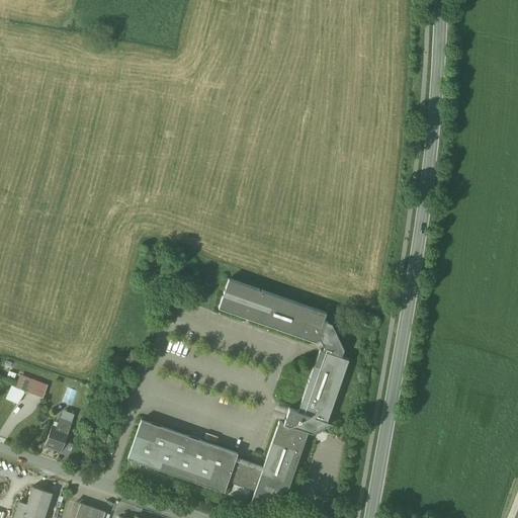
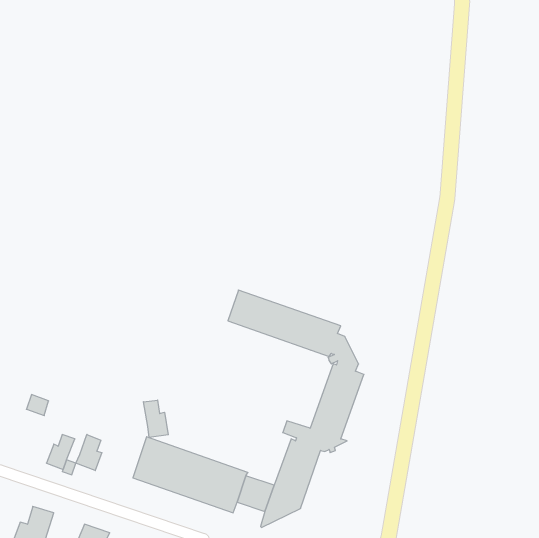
building: none -> [143,400,168,438]
building: none -> [76,434,102,471]

